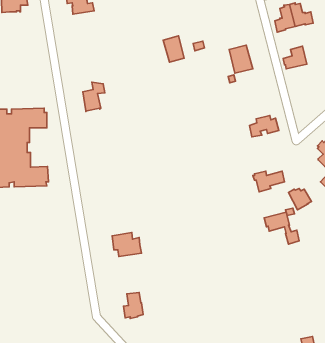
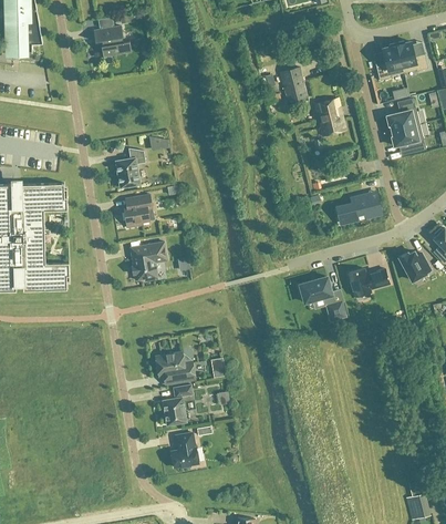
building: [163,36,184,62] -> [278,66,307,102]
building: none -> [391,123,425,153]
building: none -> [123,194,151,227]
building: none -> [129,242,166,280]
building: [289,188,311,210] -> [398,251,429,280]
building: [264,212,299,244] -> [297,276,344,319]
building: none -> [162,384,191,424]

